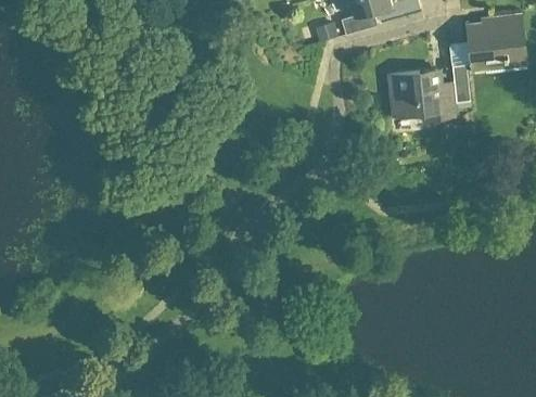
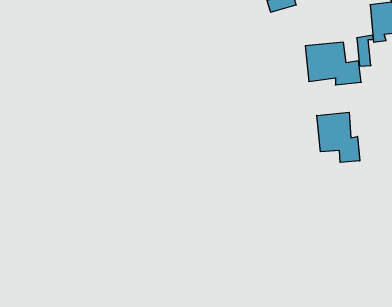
building: none -> [317,112,360,162]

